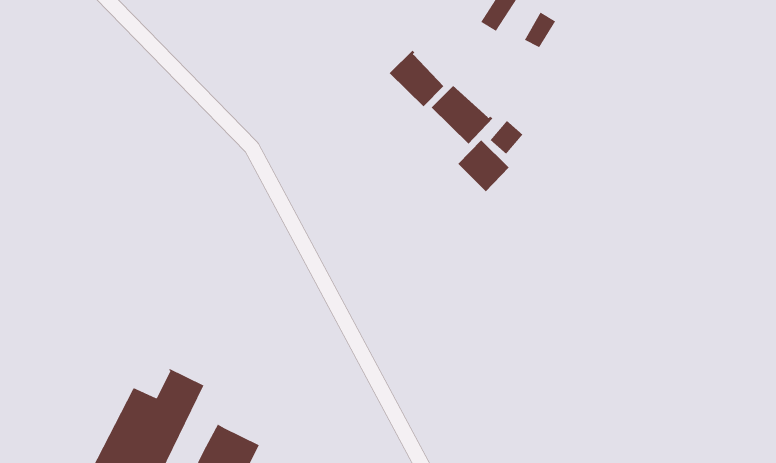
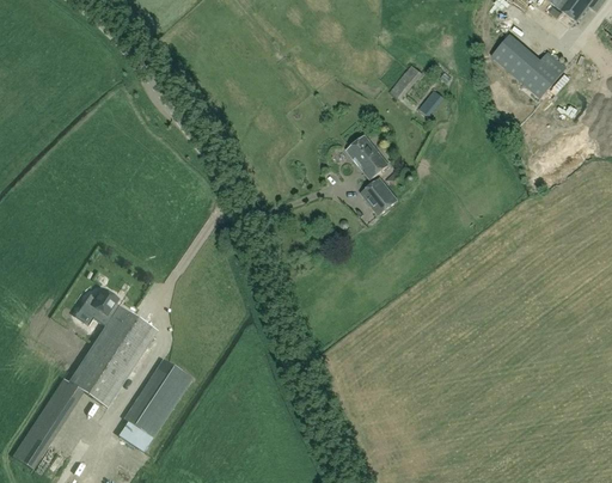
building: [389,50,444,107] -> none
building: none -> [80,288,134,335]

